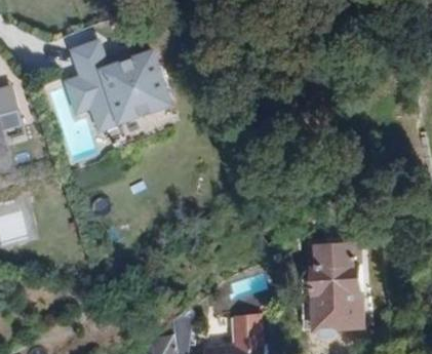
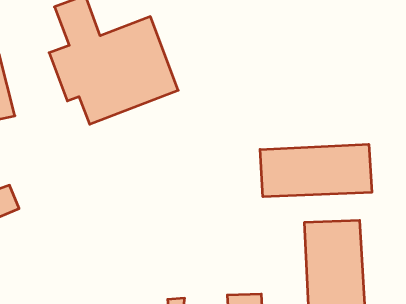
building: none -> [260,144,372,197]

